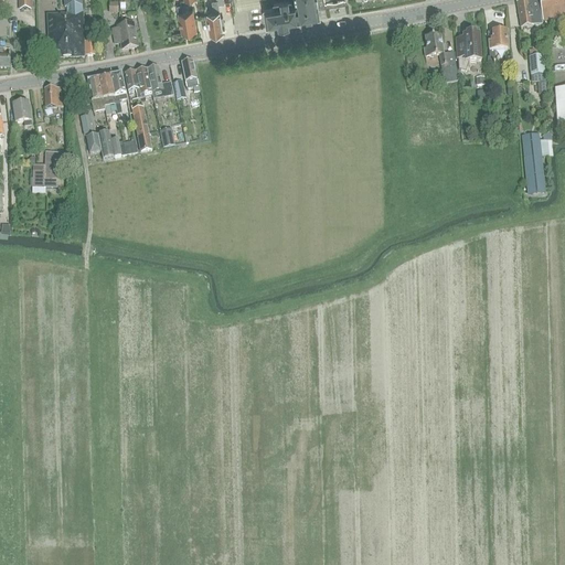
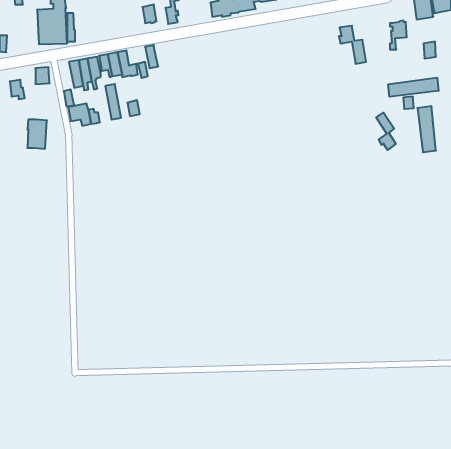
building: [111,20,138,46] -> none
building: [455,29,481,68] -> none
building: none -> [388,78,439,97]
building: none -> [376,113,396,150]

